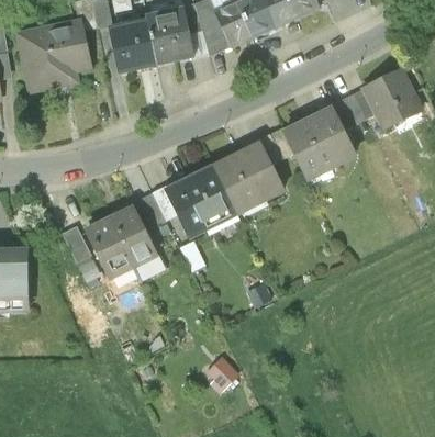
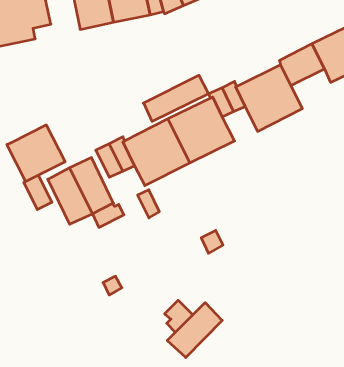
building: none -> [143,75,209,121]
building: none -> [7,125,65,181]
building: none -> [167,303,222,358]

